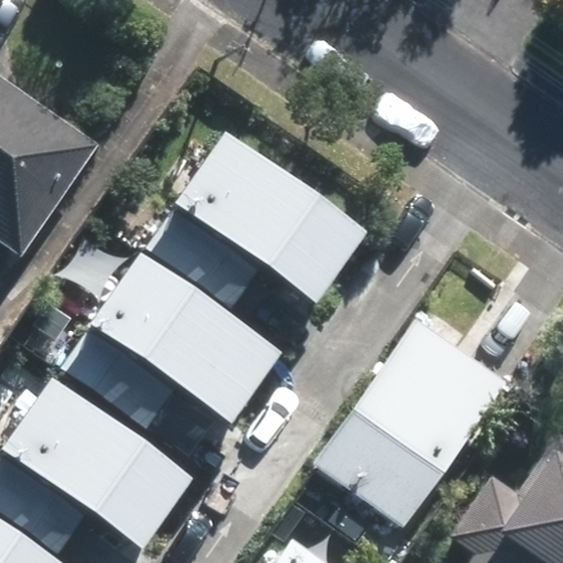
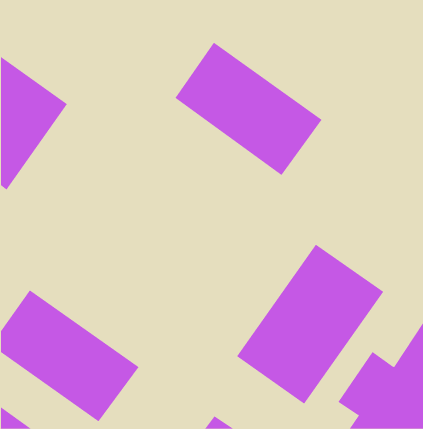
building: [173,131,365,305] -> [174,42,323,176]
building: [88,253,280,422] -> none

